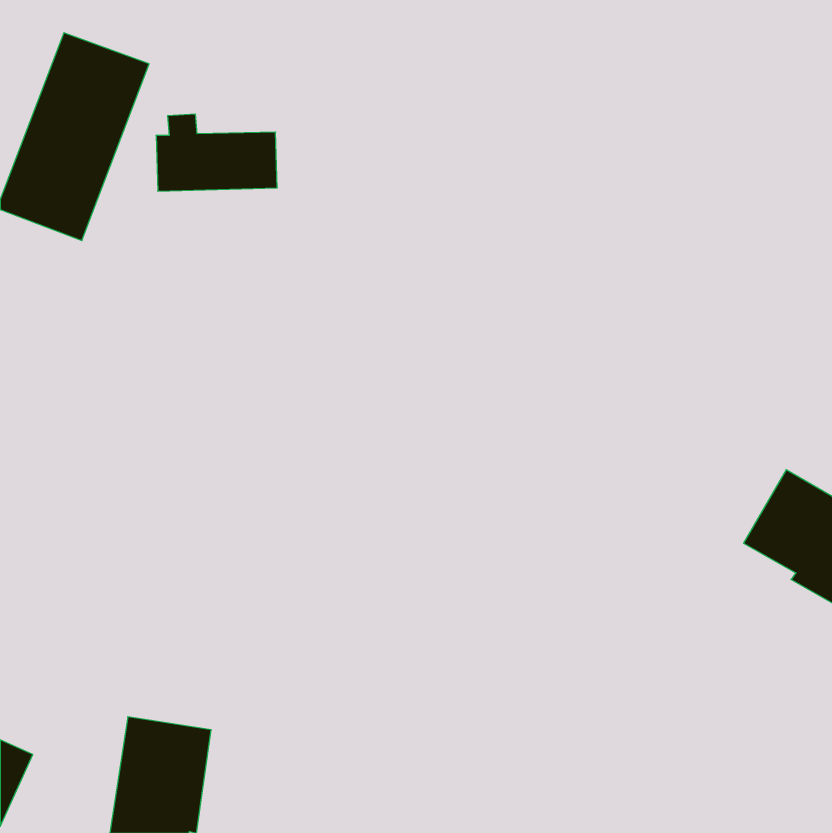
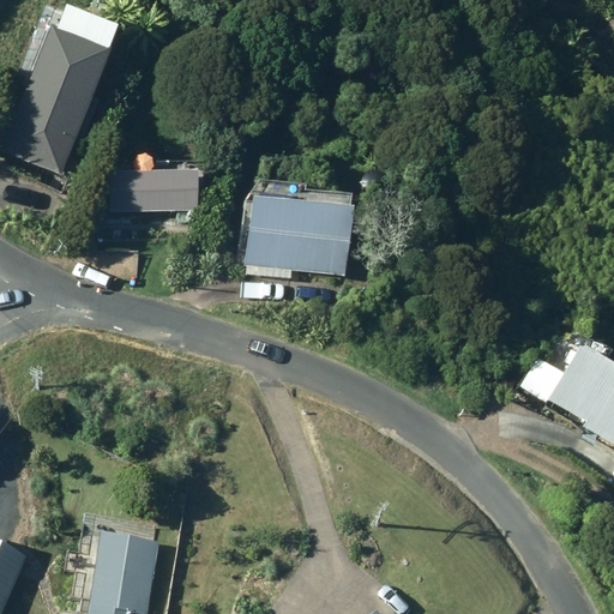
building: [156,114,277,191] -> [110,158,199,215]
building: none -> [242,193,347,273]

